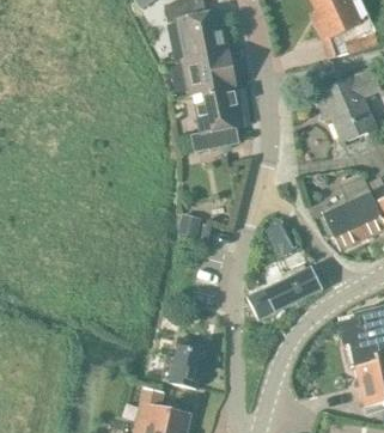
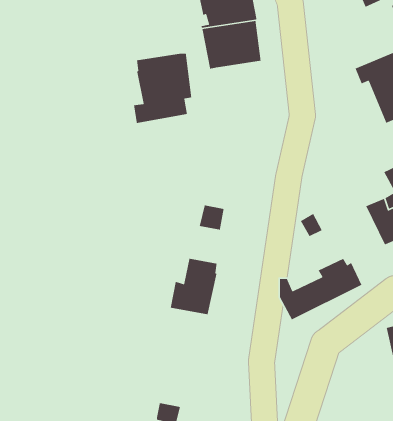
building: [191,89,243,151] -> [133,53,192,124]
building: [161,337,203,388] -> [170,258,218,315]

